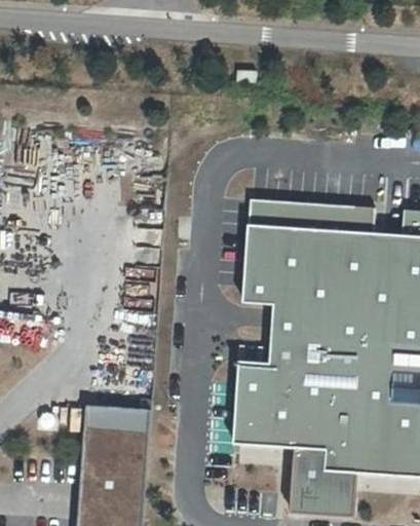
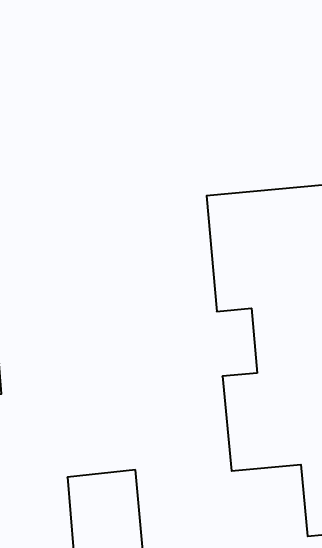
building: [87,407,150,430] -> none

